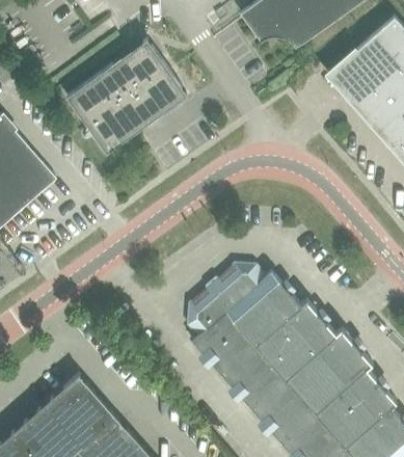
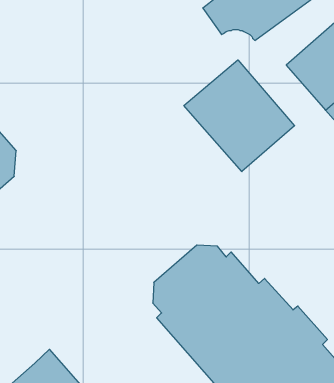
building: [65,41,186,154] -> none
building: none -> [184,60,295,172]

